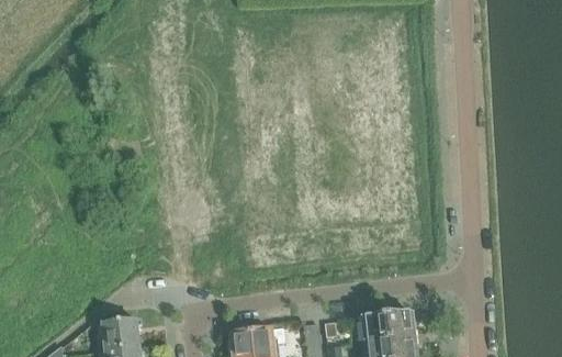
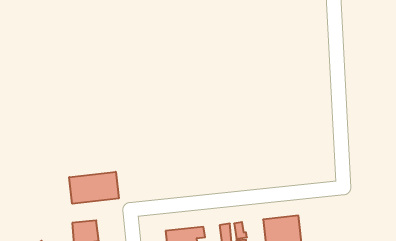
building: none -> [69,172,119,204]

